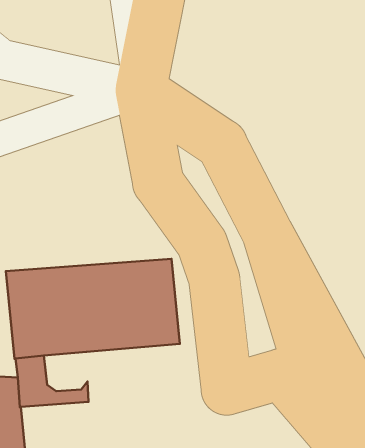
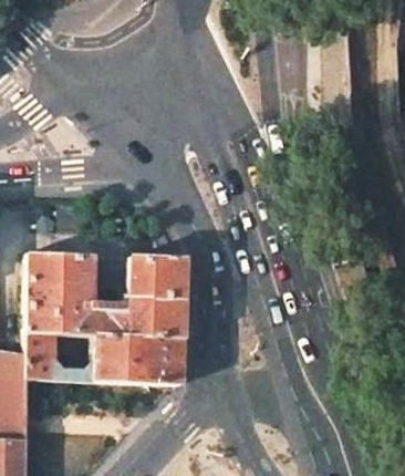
building: none -> [89,335,179,385]

